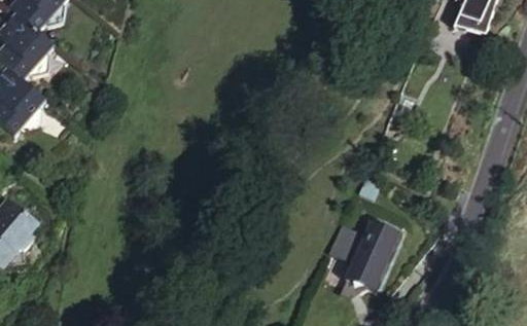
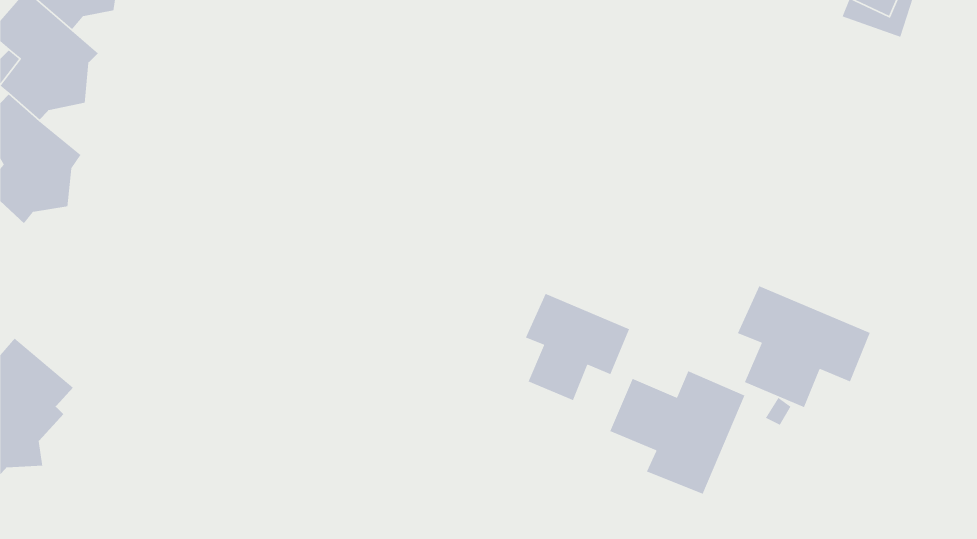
building: none -> [737,285,871,408]
building: none -> [525,293,630,401]

